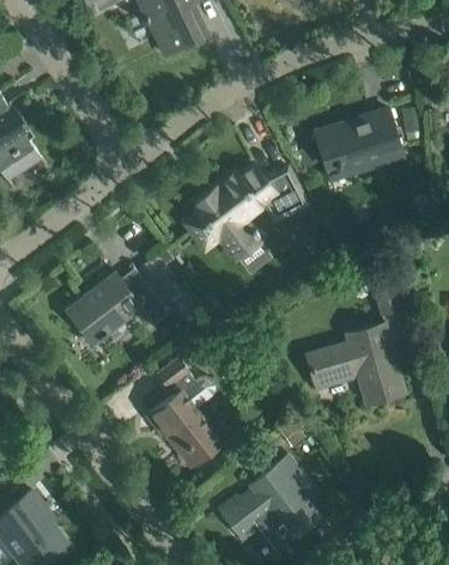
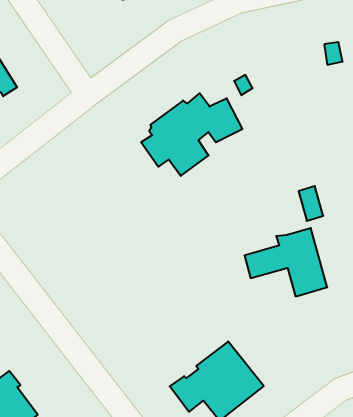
building: [315,109,404,180] -> none
building: [67,272,169,344] -> none
building: [147,359,220,464] -> none

